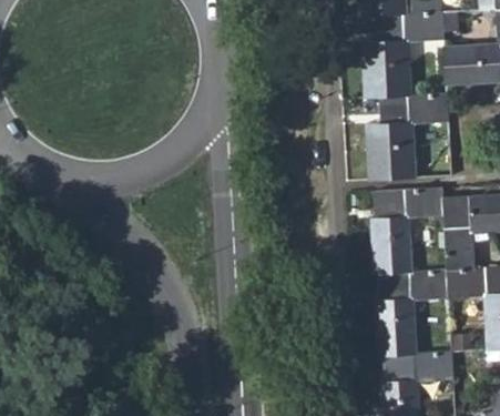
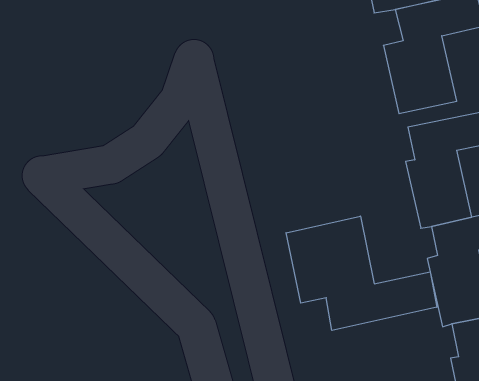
building: none -> [286,216,437,330]

